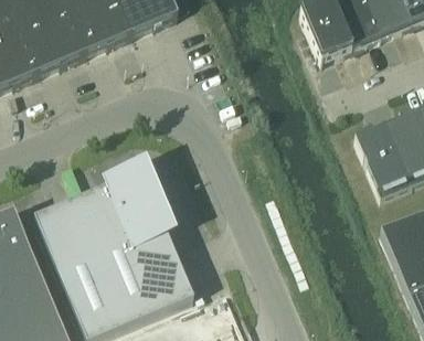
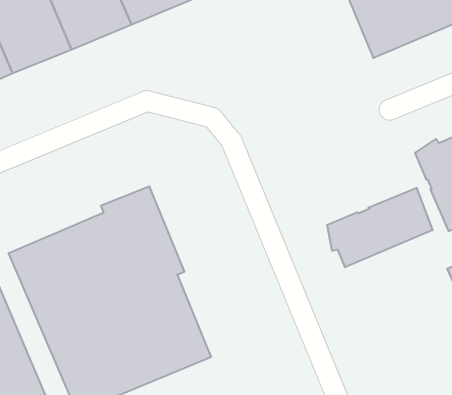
building: none -> [327,188,433,267]

